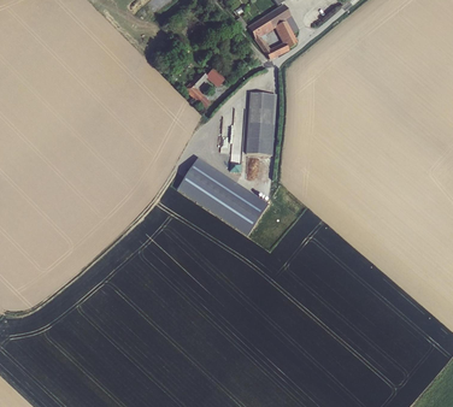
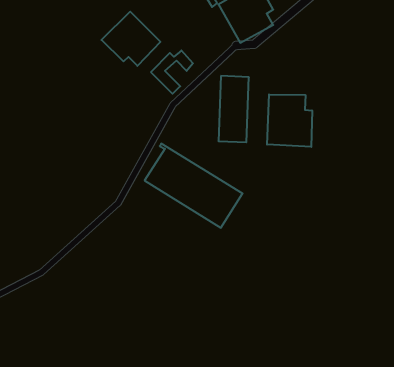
building: none -> [101,12,160,66]
building: none -> [267,94,312,147]

